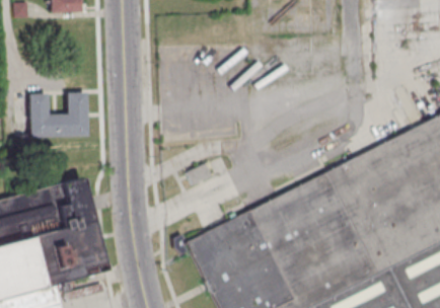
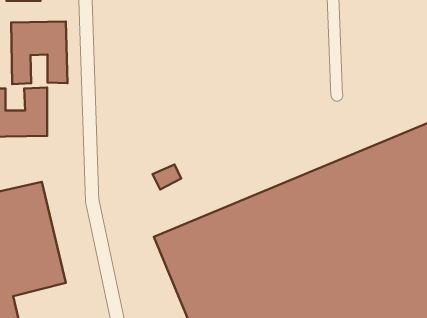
building: none -> [11,21,68,84]

